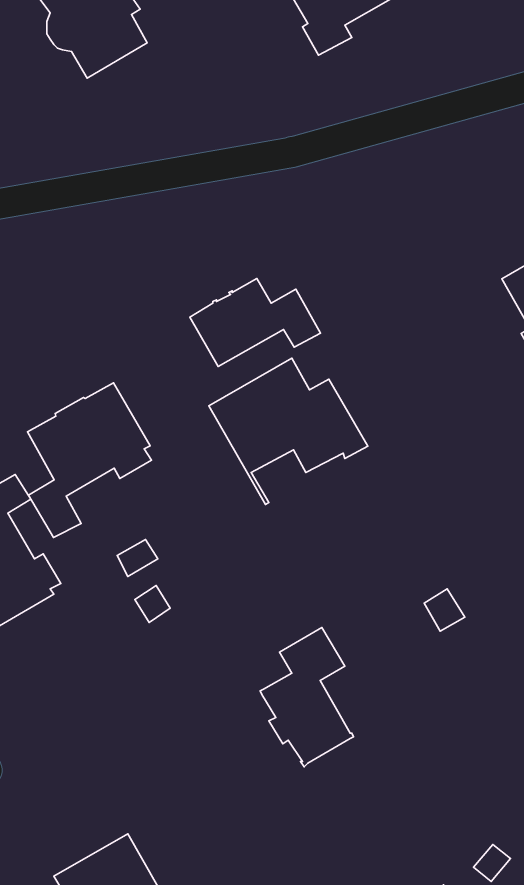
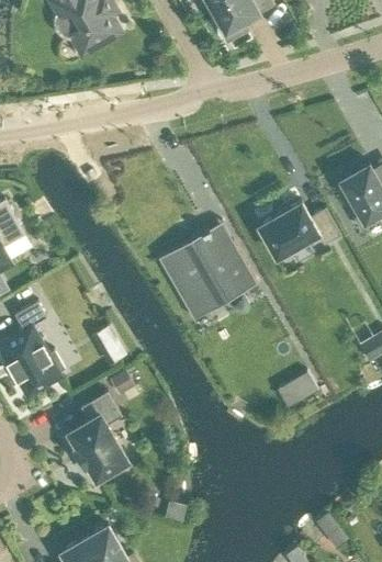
building: [190,279,320,367] -> [259,202,340,257]
building: [28,383,152,538] -> none
building: [260,628,354,767] -> [69,393,127,480]

